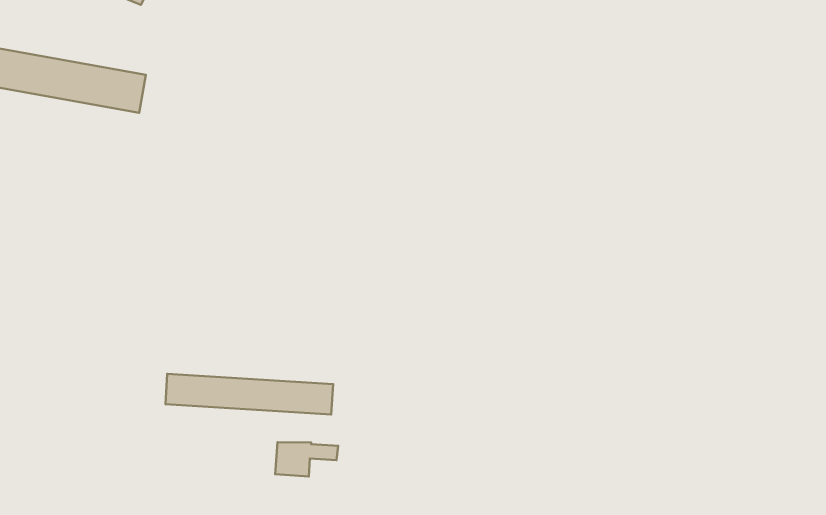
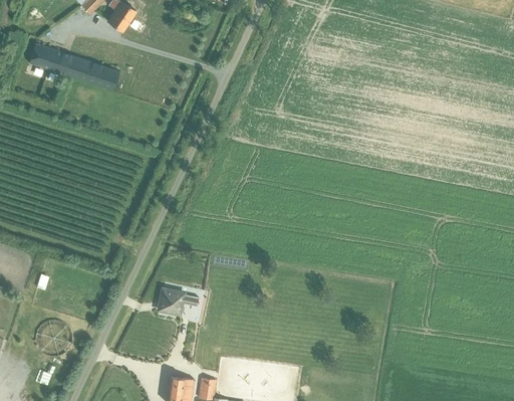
building: [165,374,333,415] -> none

